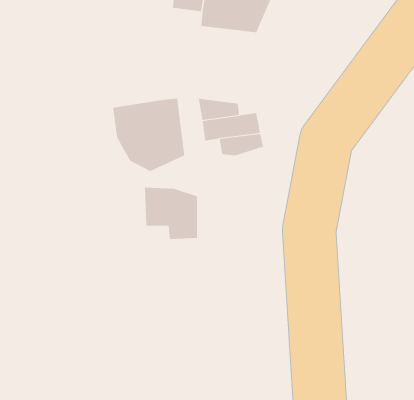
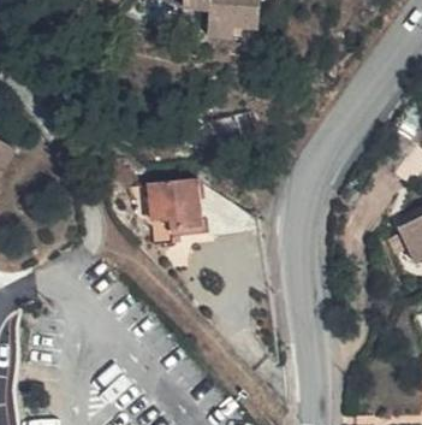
building: [112,98,185,172] -> none

